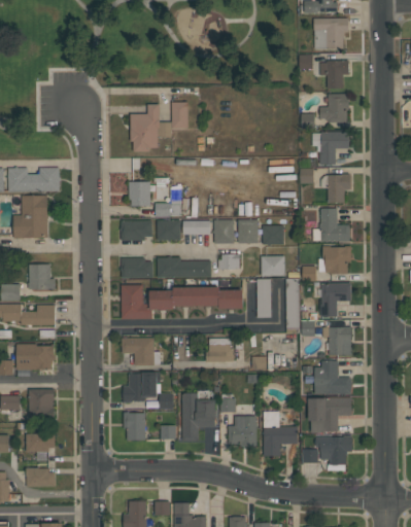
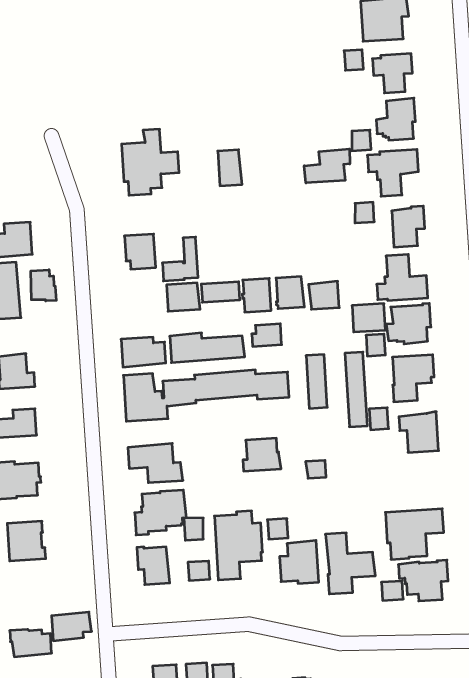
building: [172,103,189,129] -> [218,150,242,186]
building: none -> [304,149,350,183]
building: none -> [31,270,56,301]
building: [121,221,152,241] -> none
building: [262,256,285,276] -> [352,304,386,332]
building: [315,361,351,394] -> none
building: [27,433,56,453] -> [52,612,92,641]

